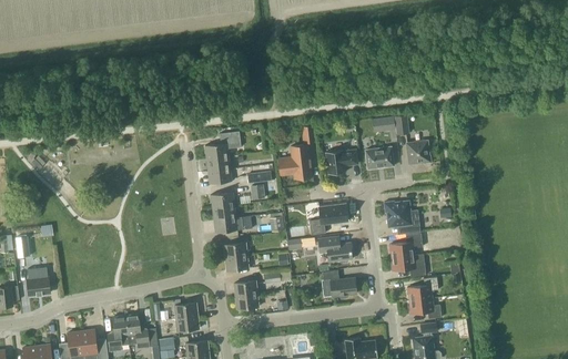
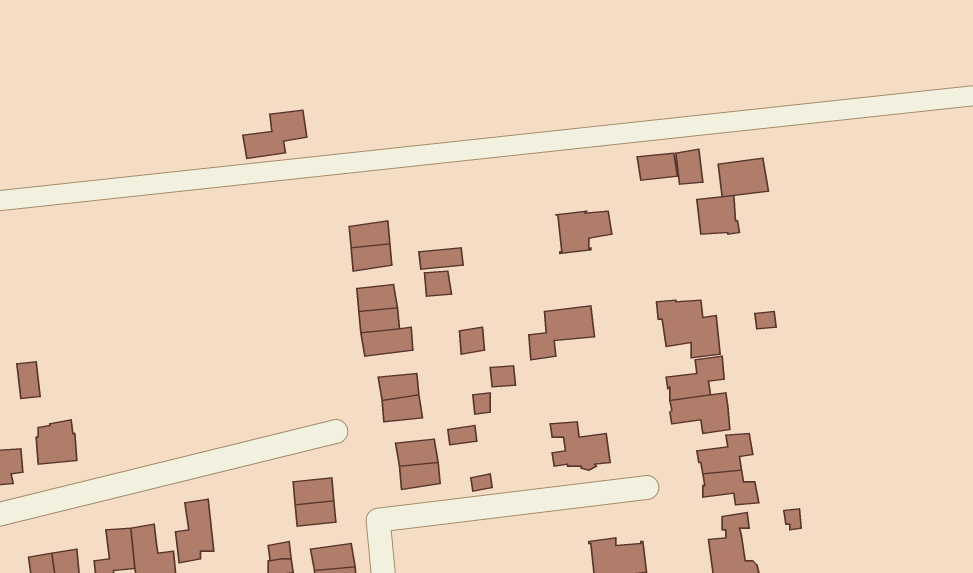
building: [278,124,315,178] -> none
building: [204,131,241,158] -> [243,110,307,158]
building: [365,146,394,168] -> [718,158,768,197]
building: [317,236,352,263] -> none
building: [125,314,149,348] -> none

